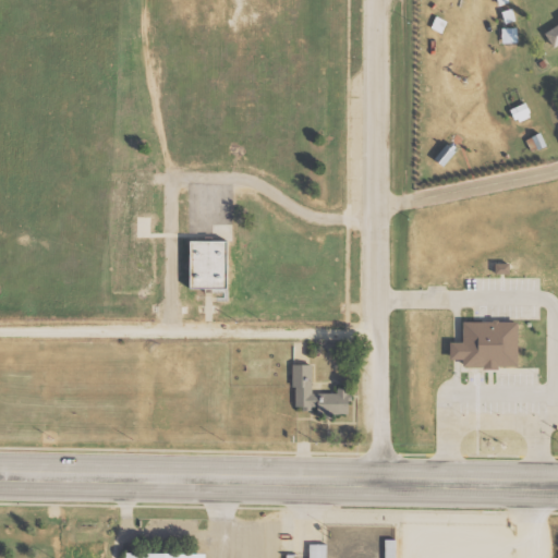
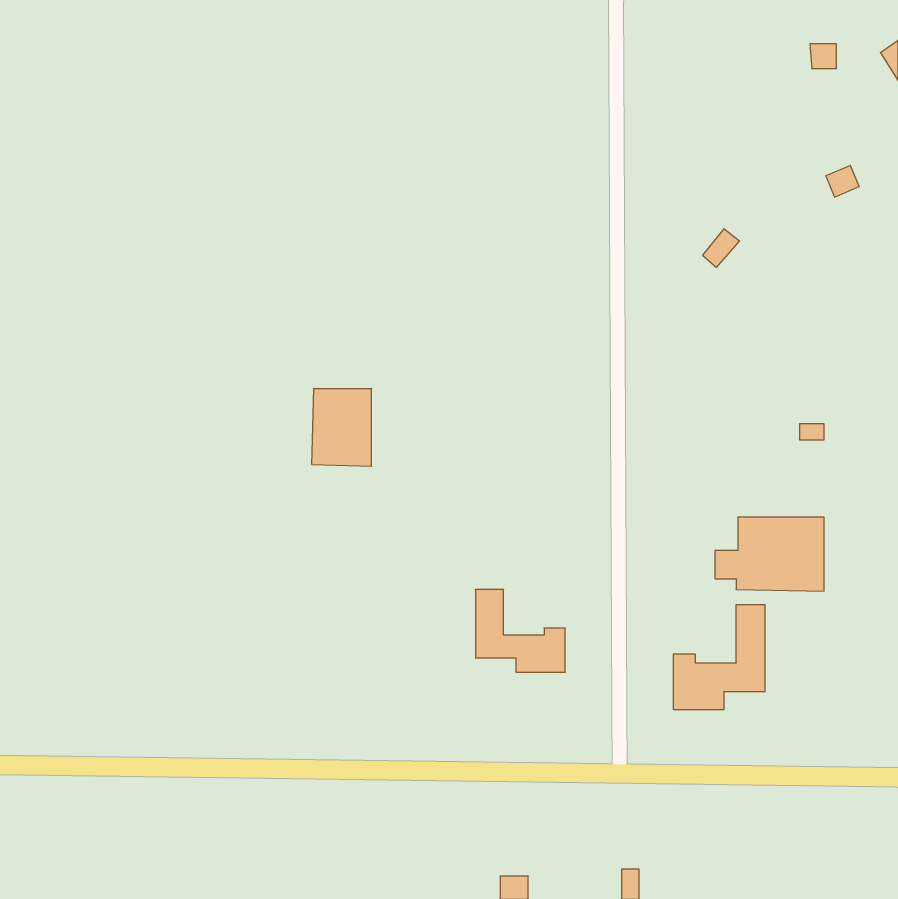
building: none -> [674,605,765,710]

